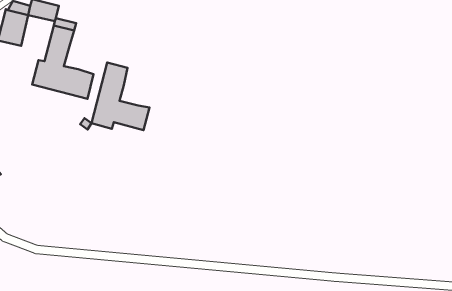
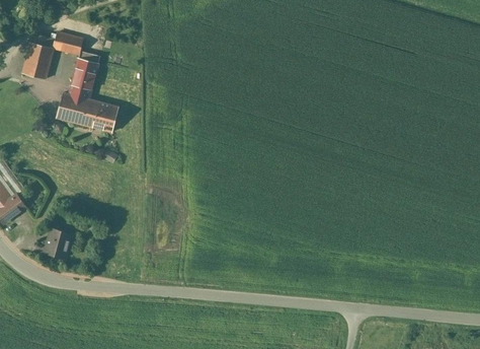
building: [91,62,150,130] -> none
building: none -> [45,226,71,258]

